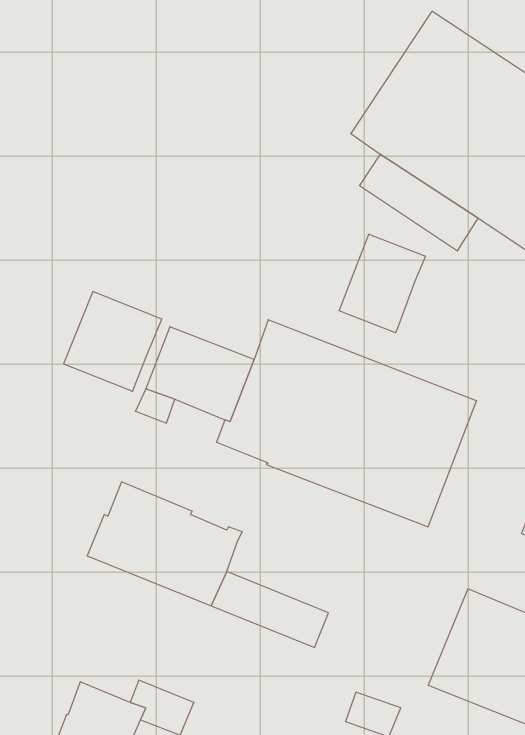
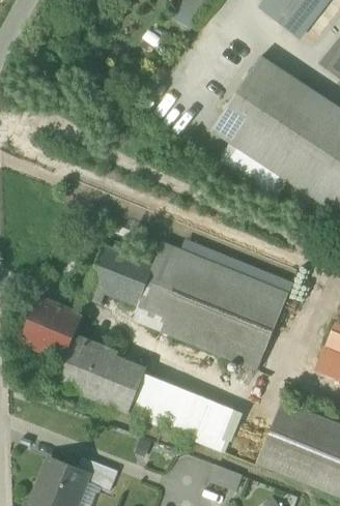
building: [339,234,425,333] -> none
building: [64,291,162,391] -> [25,299,84,359]
building: none -> [138,375,239,452]

